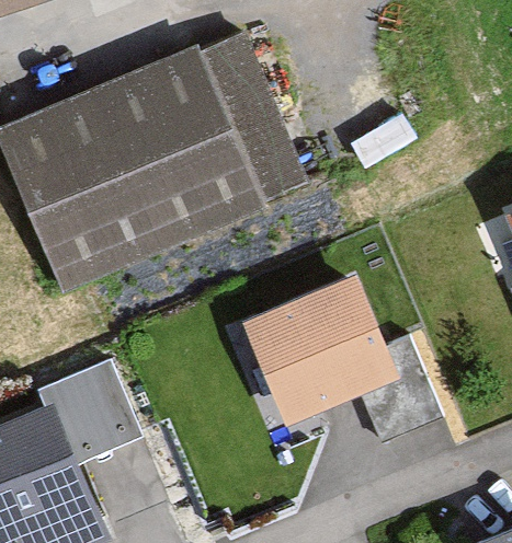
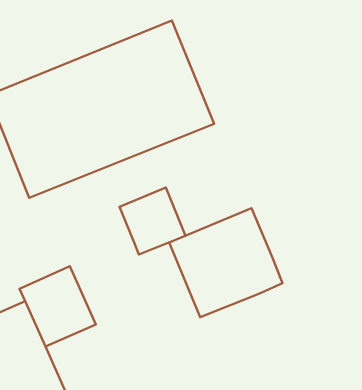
building: none -> [120,188,185,254]
building: [362,333,444,441] -> none

